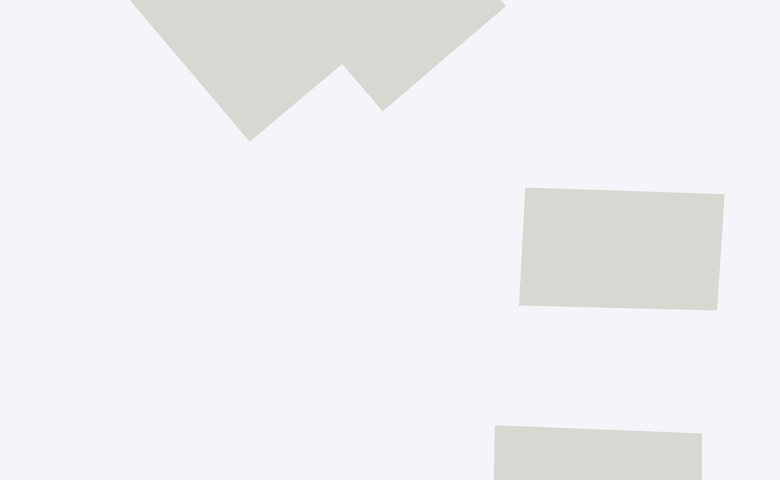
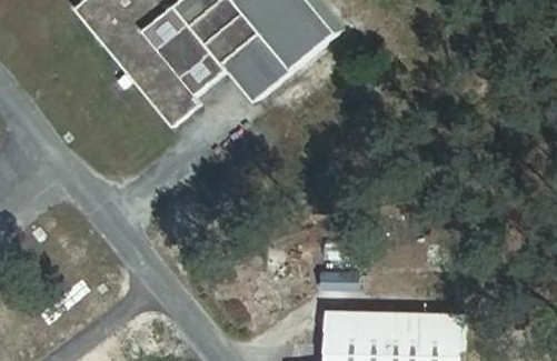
building: [518,187,726,311] -> none

